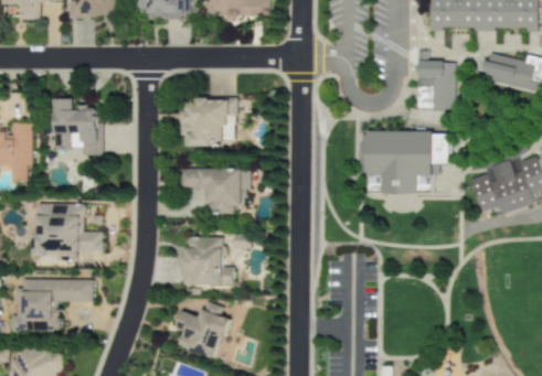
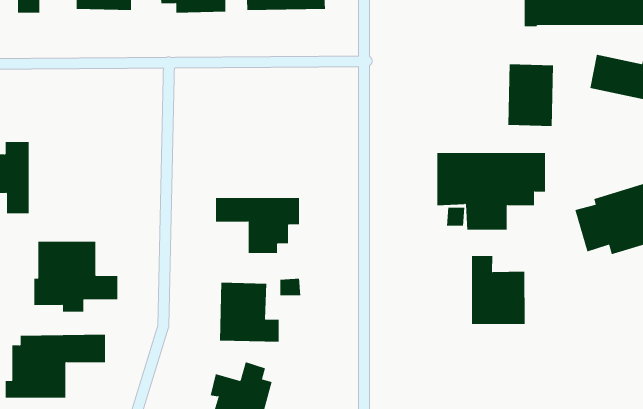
building: [182,98,235,147] -> none
building: [54,99,103,154] -> none
building: none -> [472,255,525,325]

